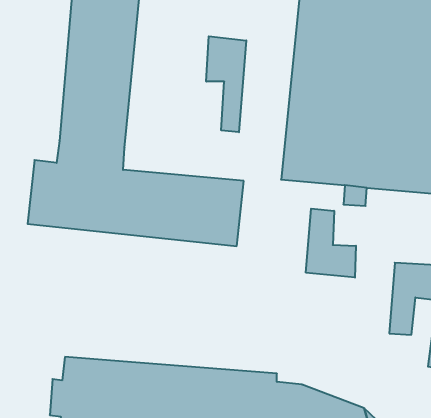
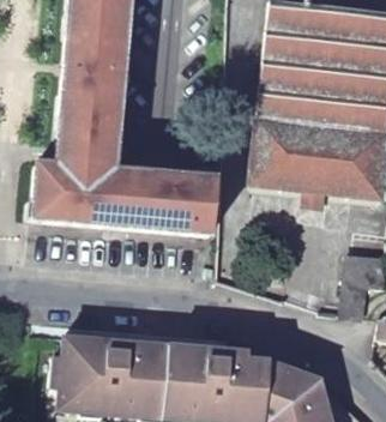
building: [206,36,246,132] -> none
building: [306,209,356,278] -> none

